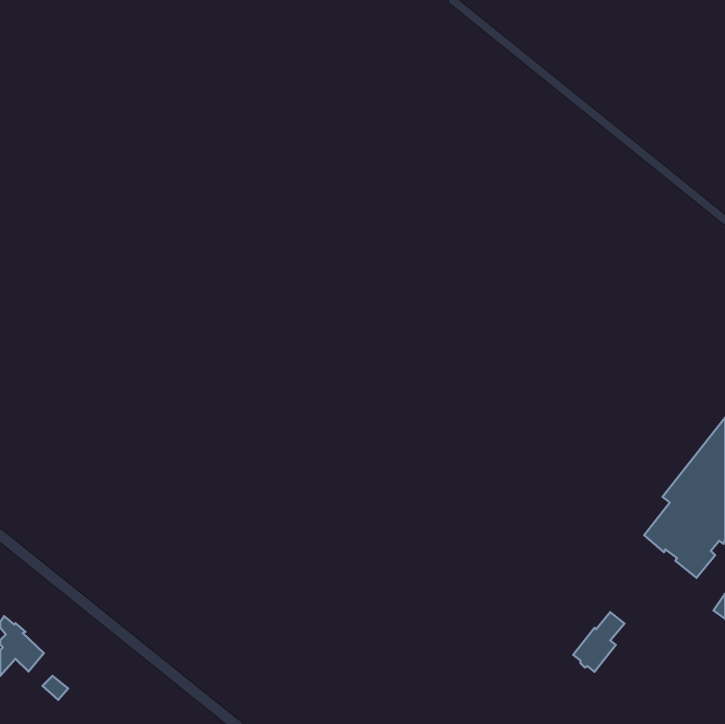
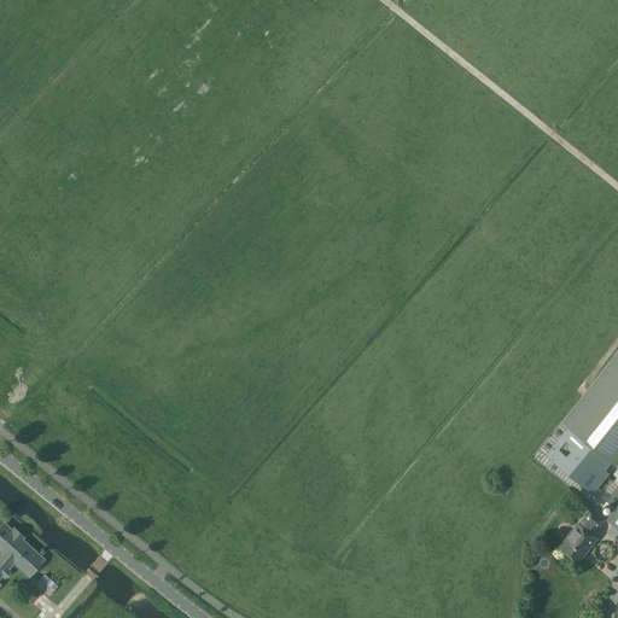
building: [573,612,624,672] -> [560,511,604,561]

